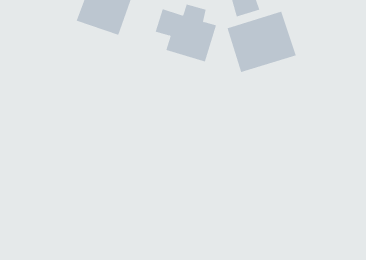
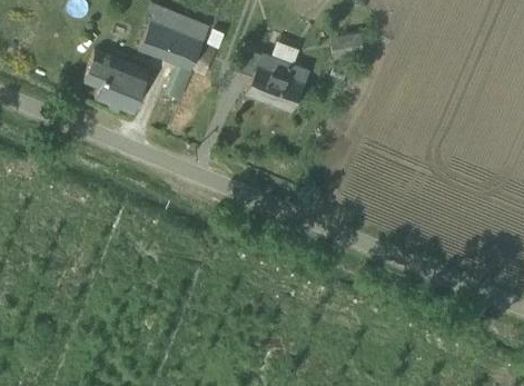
building: [227,11,296,73] -> none
building: none -> [80,53,150,116]

